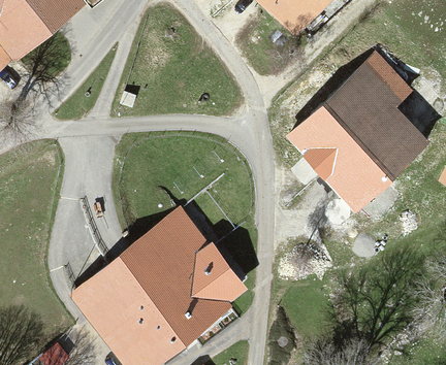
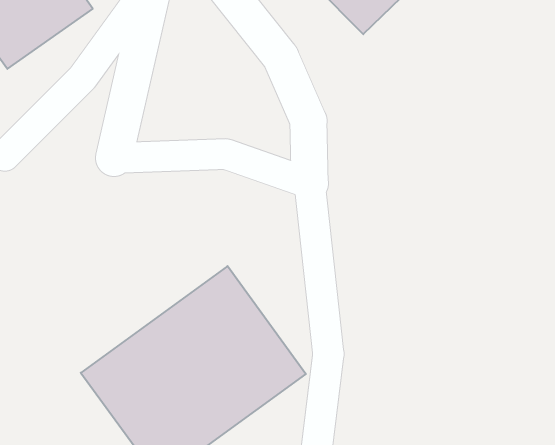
building: [294,65,434,204] -> none

